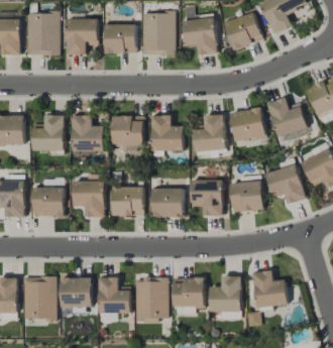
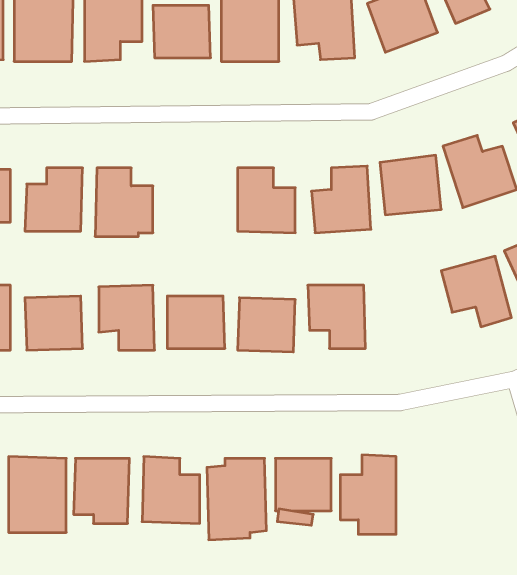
building: [113,116,144,145] -> none
building: [231,181,263,211] -> none
building: [253,270,289,308] -> none

